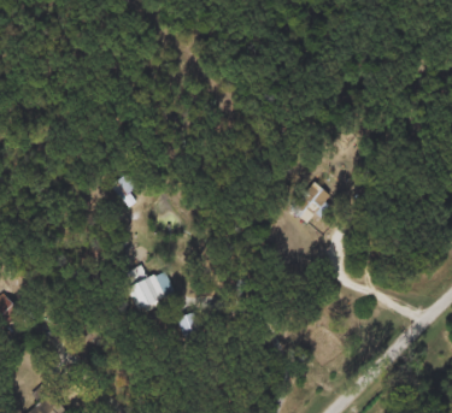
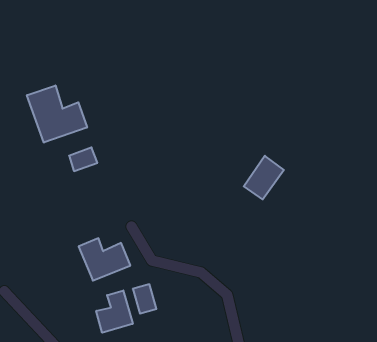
building: none -> [27,85,87,143]
building: none -> [96,290,133,333]

